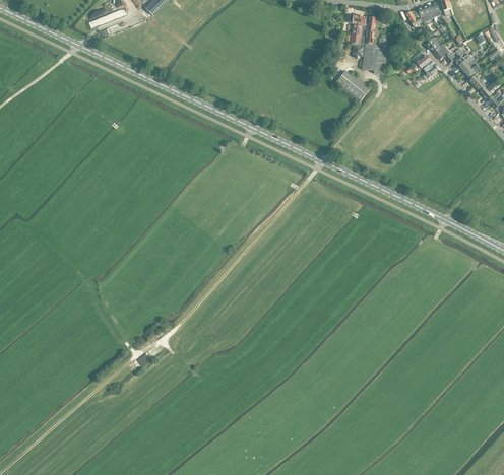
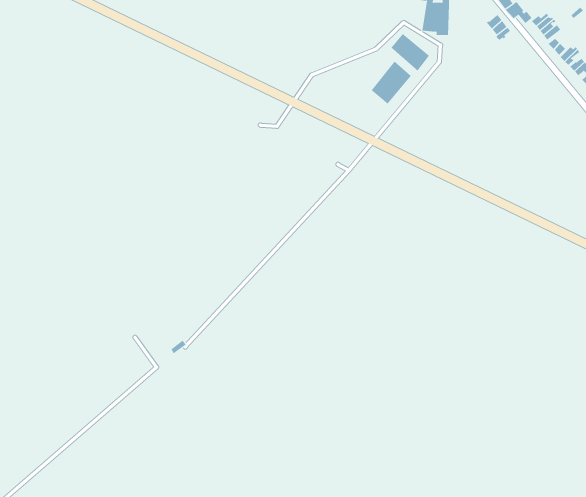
building: none -> [371,61,411,104]

